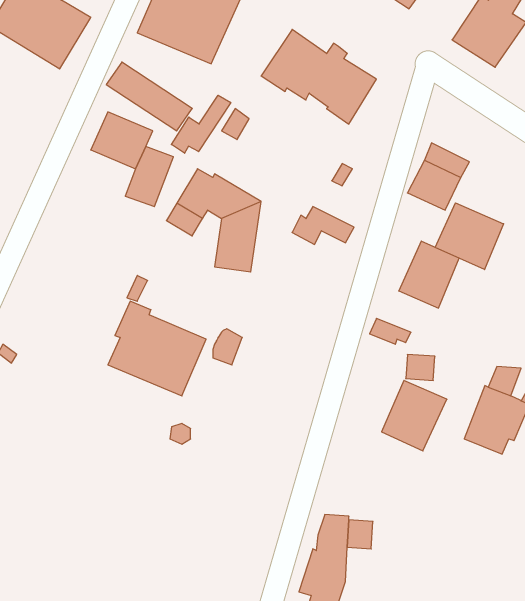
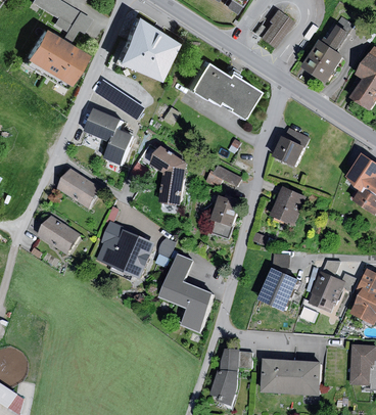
building: [171,95,231,153] -> none
building: [435,203,504,270] -> none
building: none -> [58,169,103,210]
building: none -> [209,194,240,237]
building: none -> [37,215,80,253]
building: none -> [159,257,215,334]
building: none -> [261,358,320,395]

